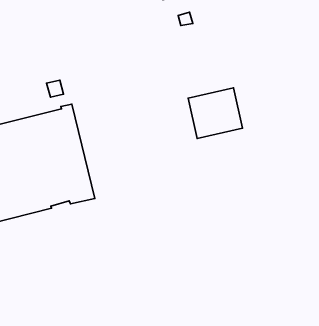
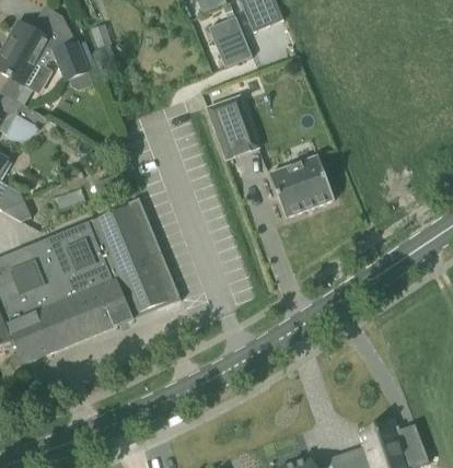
building: none -> [206,95,258,159]

